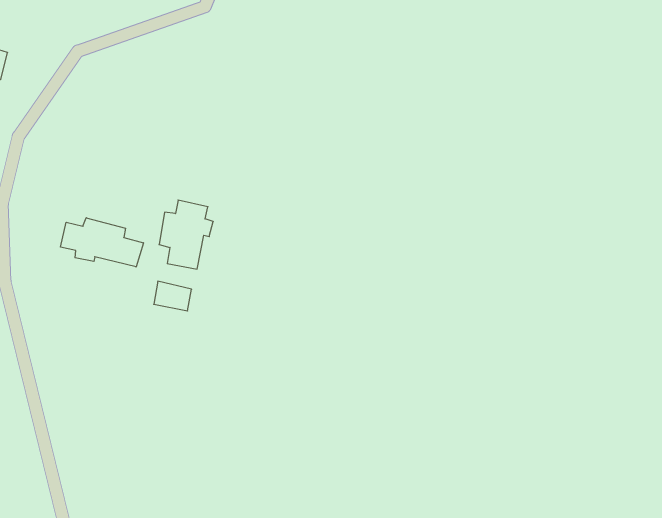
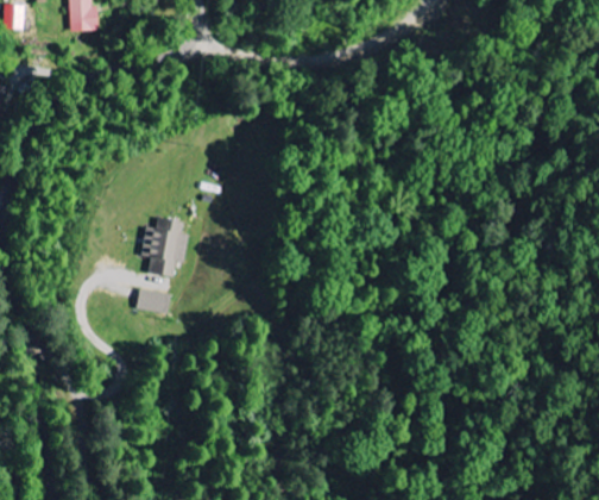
building: [61,218,143,267] -> none

